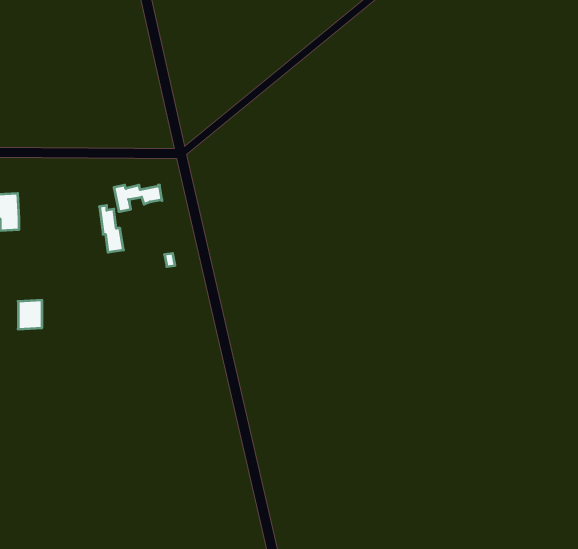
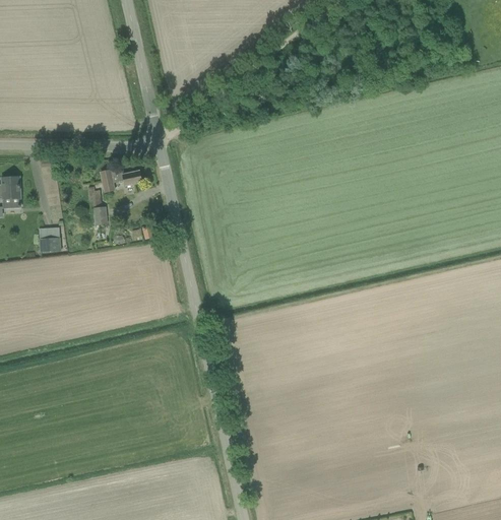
building: [18,300,42,329] -> [40,226,60,251]

